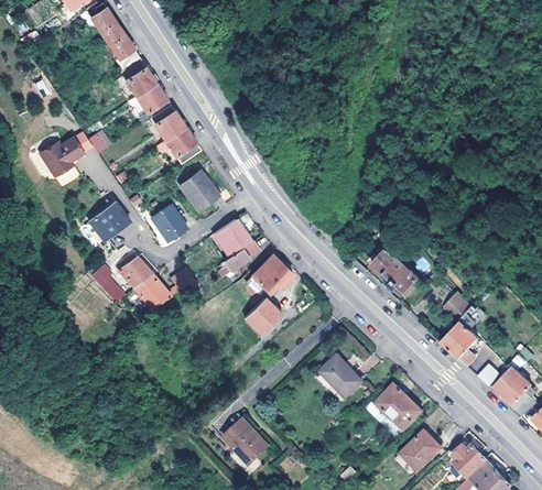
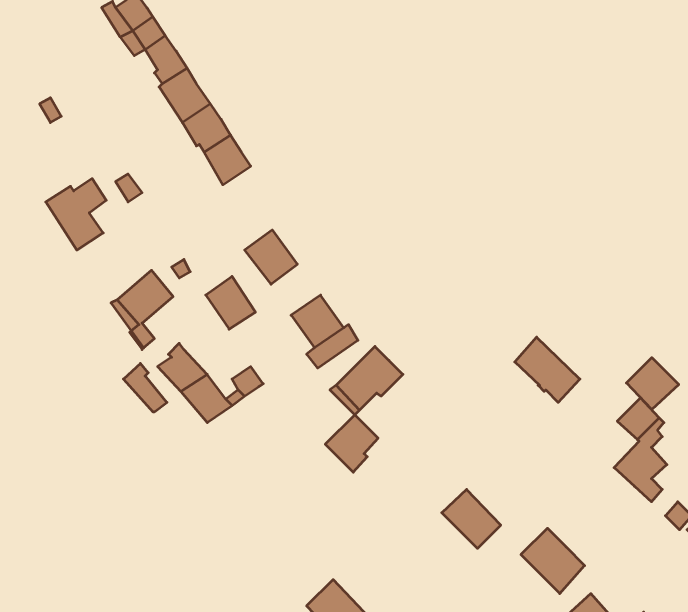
building: [164,127,199,163] -> none
building: none -> [626,358,679,409]

